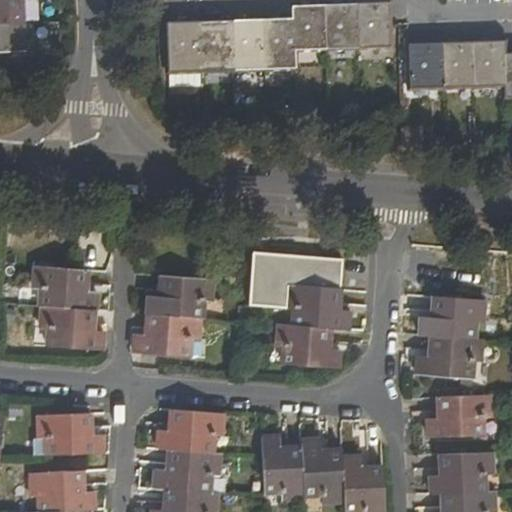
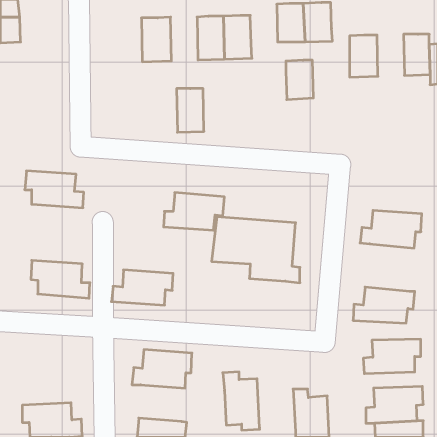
building: [293,5,325,51] -> [286,60,313,100]
building: [200,20,232,71] -> [177,89,204,132]
building: [441,40,473,89] -> none
building: [29,265,98,308] -> [25,171,84,208]
building: [145,275,216,319] -> [164,193,224,230]
building: [416,296,488,340] -> [360,210,422,248]
building: [274,324,342,367] -> none
building: [29,412,104,454] -> none
building: [301,437,346,505] -> none
building: [152,449,222,492] -> none

